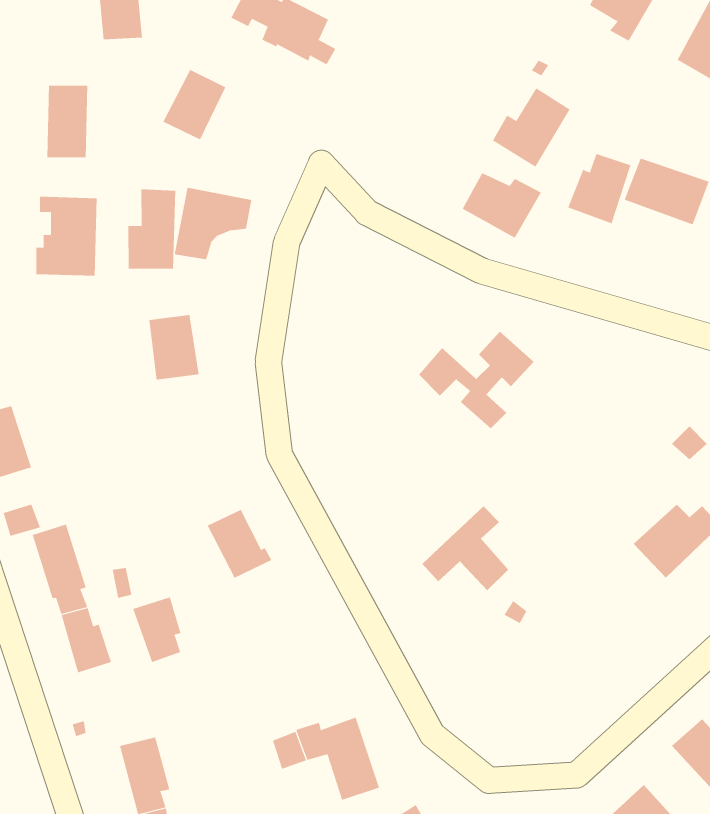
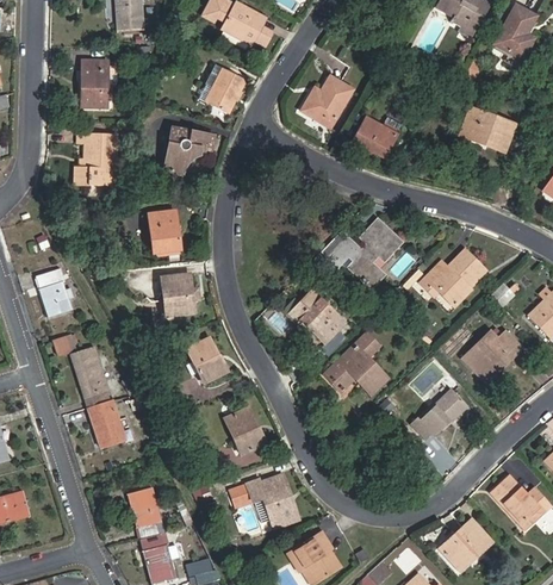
building: [162,69,226,140] -> [205,67,247,113]
building: [492,88,571,168] -> [302,75,353,127]
building: [567,153,631,224] -> none
building: [128,189,176,269] -> none
building: none -> [421,248,486,306]
building: none -> [161,273,197,313]
building: none -> [294,290,343,341]
building: none -> [410,388,468,442]
building: [133,597,181,663] -> none
building: none -> [224,405,267,454]

